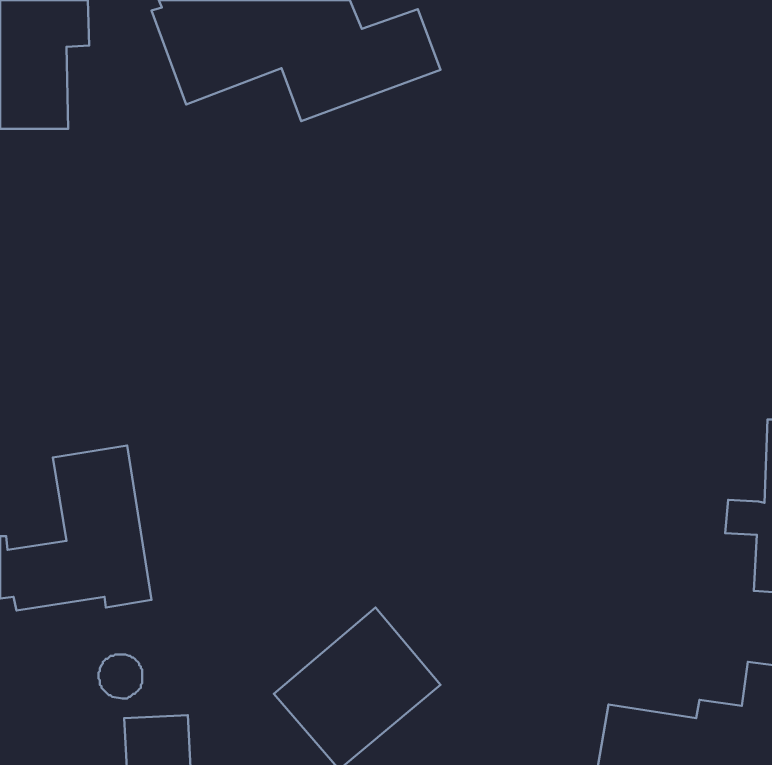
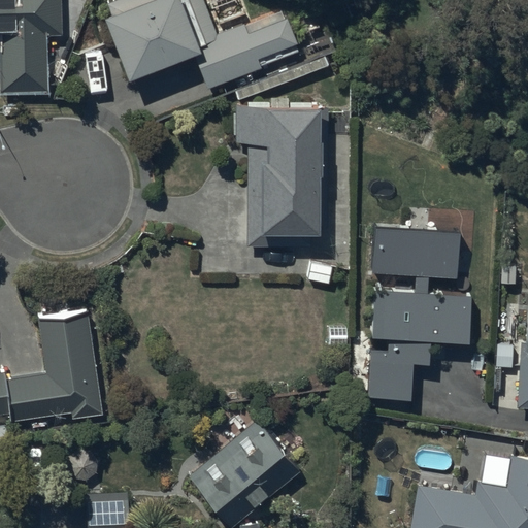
building: none -> [235,105,327,248]
building: none -> [370,225,468,398]

